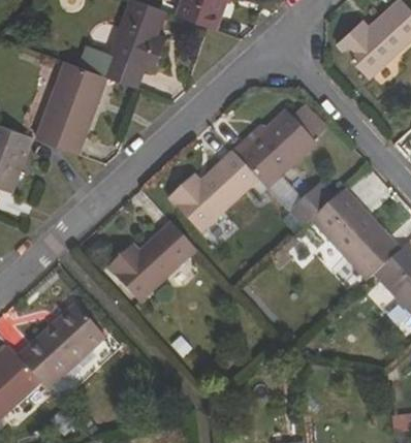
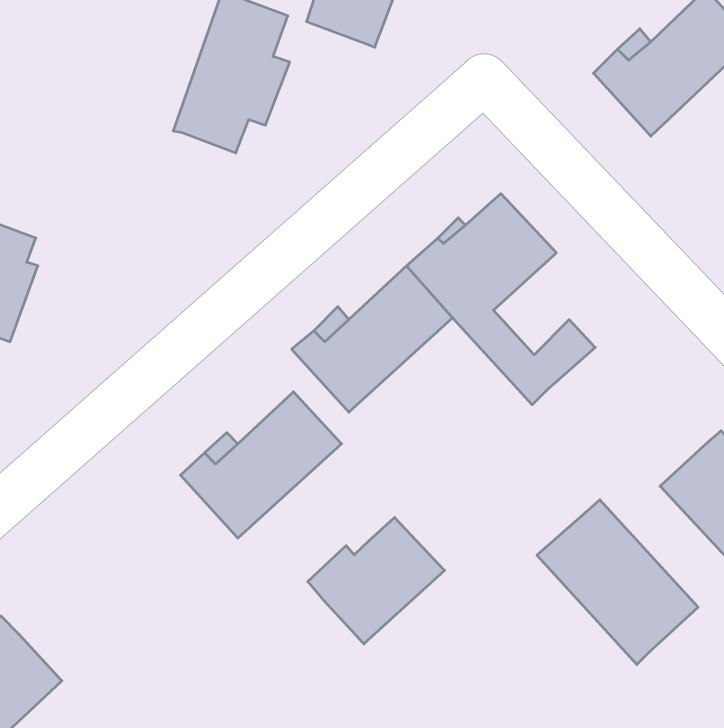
building: [35,60,107,153] -> none
building: [311,188,401,280] -> [537,500,698,665]
building: none -> [308,517,445,644]
building: [17,303,105,389] -> none

